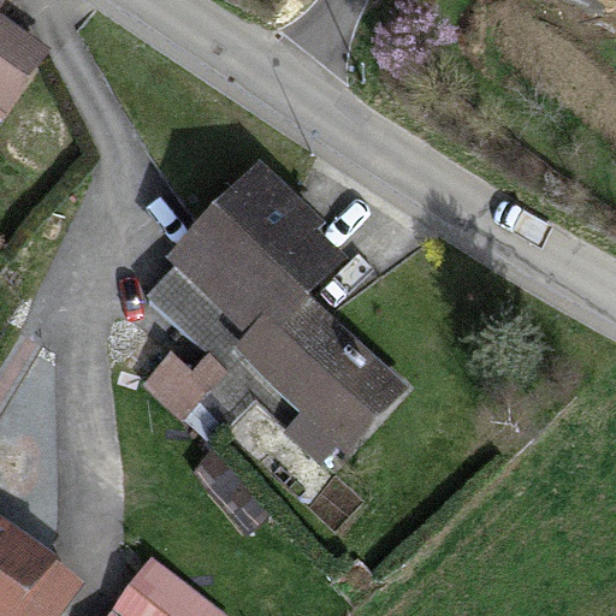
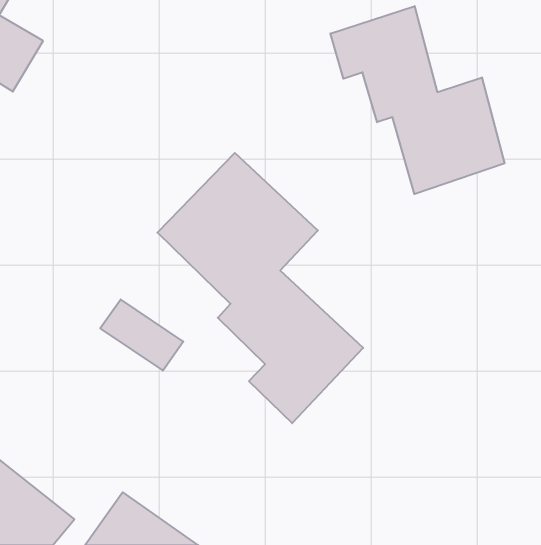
building: none -> [330,6,505,194]
building: [141,260,296,426] -> none

